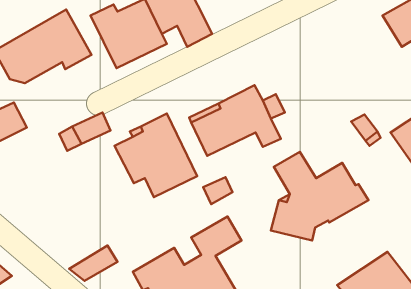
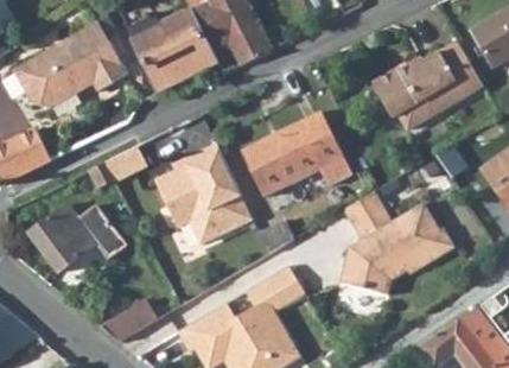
building: none -> [374,42,483,129]
building: none -> [30,203,127,272]

